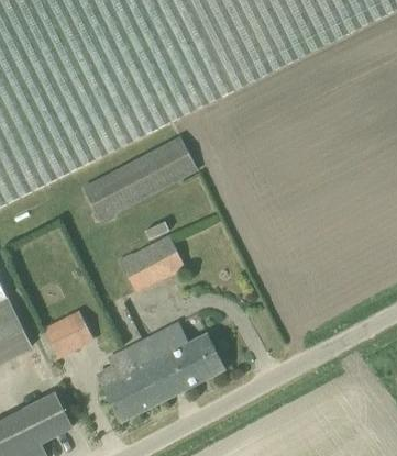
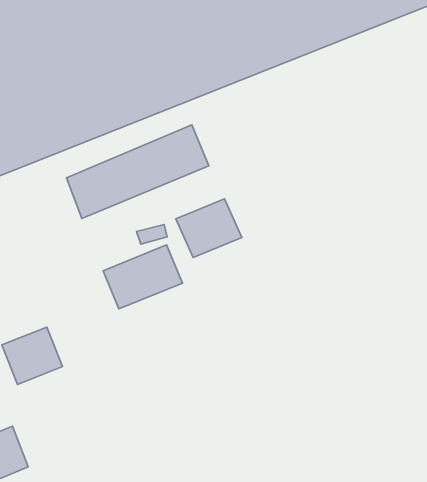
building: none -> [176,199,242,257]
building: [102,323,224,422] -> none

